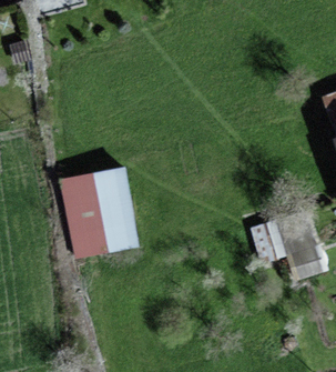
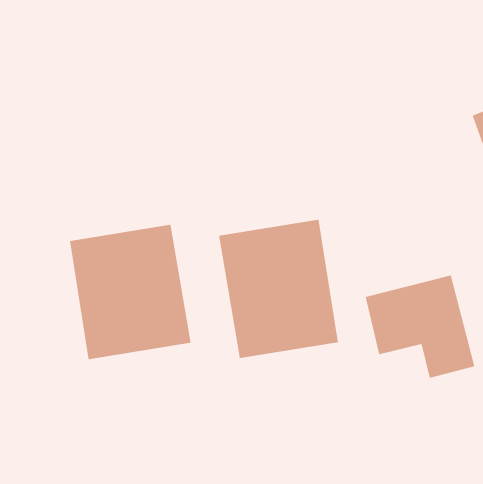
building: none -> [218,219,338,359]

